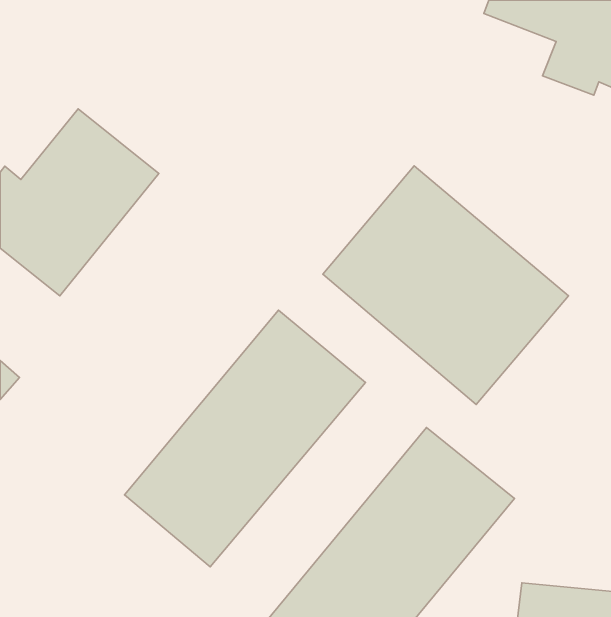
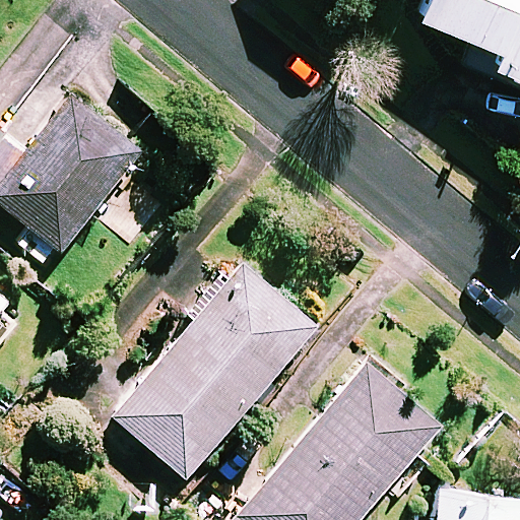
building: [323,166,569,405] -> none

